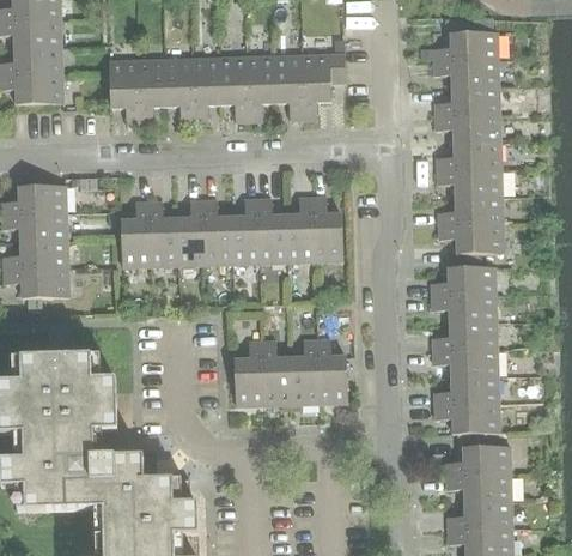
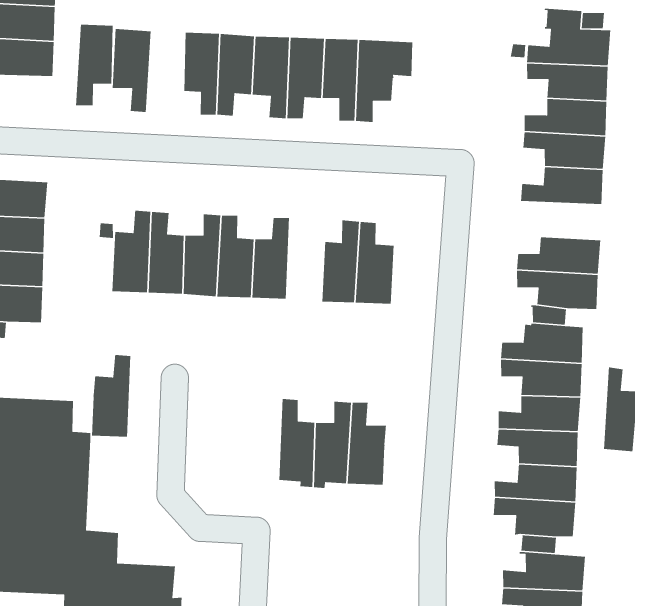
building: [138,59,166,125] -> [75,24,114,106]
building: [437,169,503,198] -> none
building: [257,198,287,262] -> none
building: none -> [603,367,636,452]
building: [233,340,264,406] -> [91,354,131,438]

